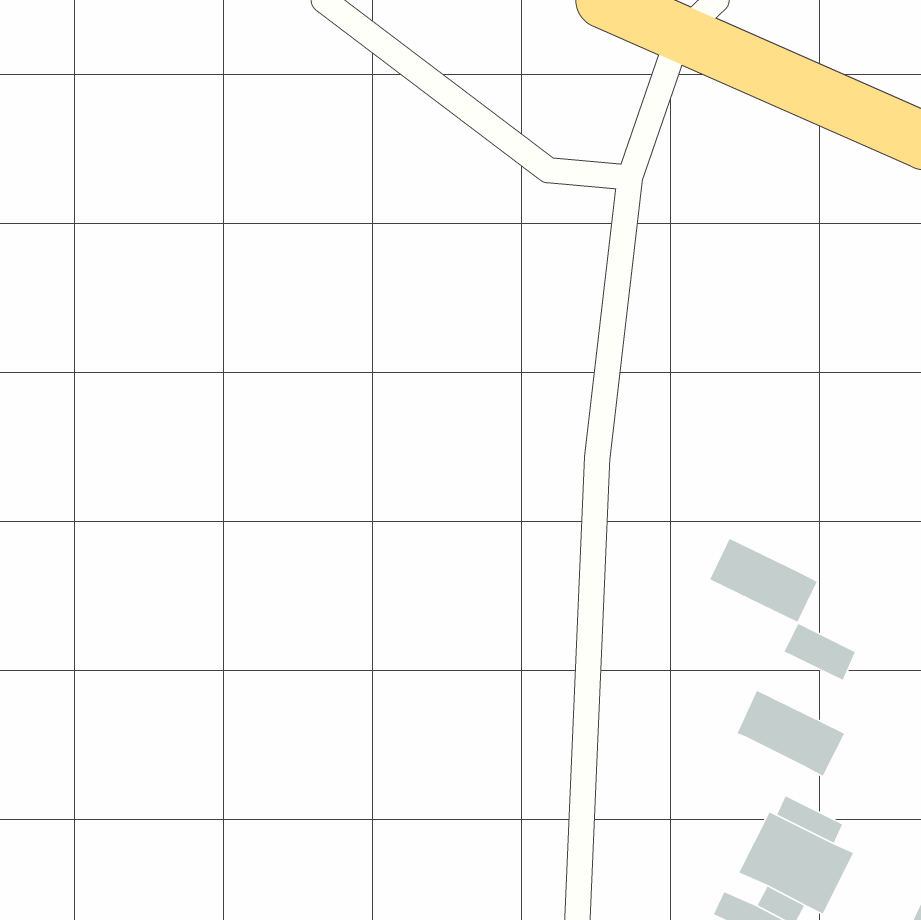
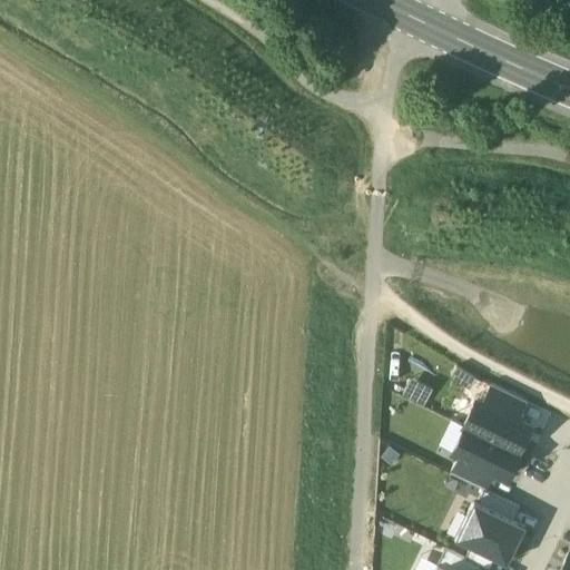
building: [709,538,818,623] -> [465,401,532,453]
building: none -> [452,456,497,492]

